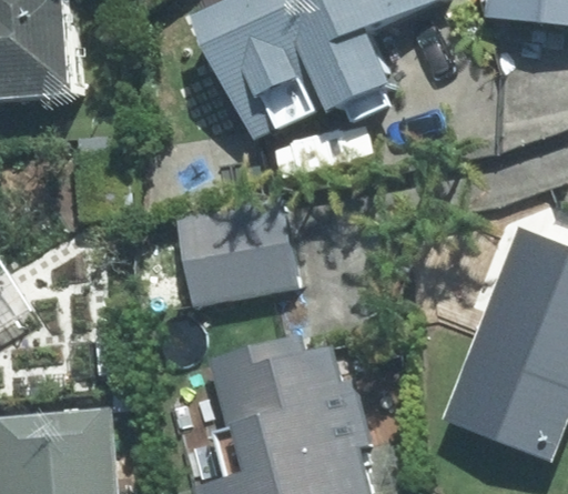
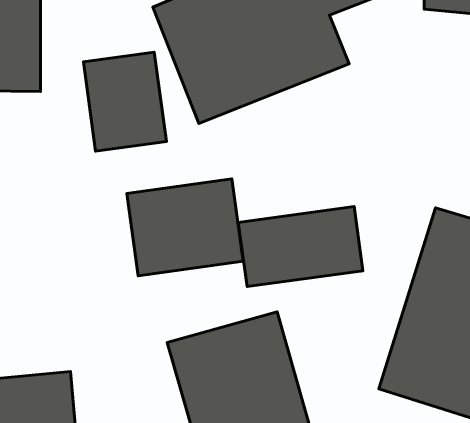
building: none -> [83,52,166,151]
building: none -> [238,207,363,287]

